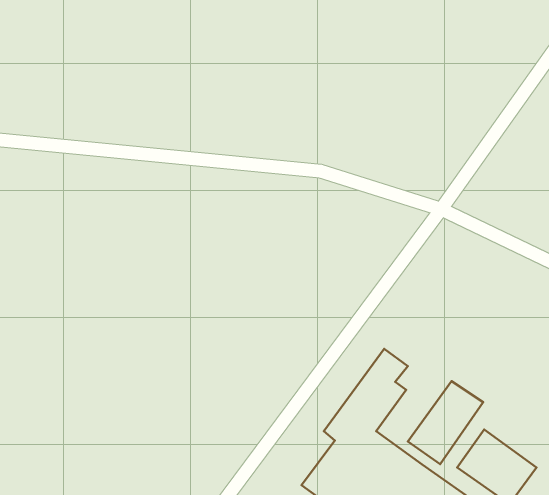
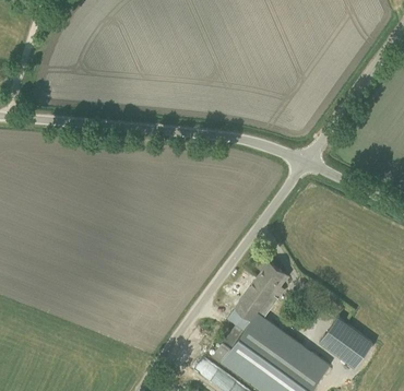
building: [408,381,483,464] -> none

